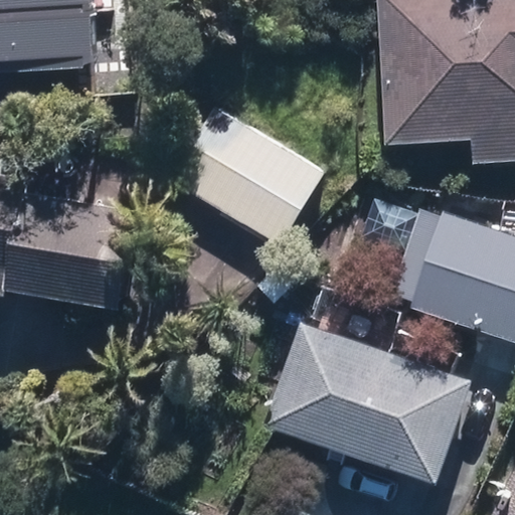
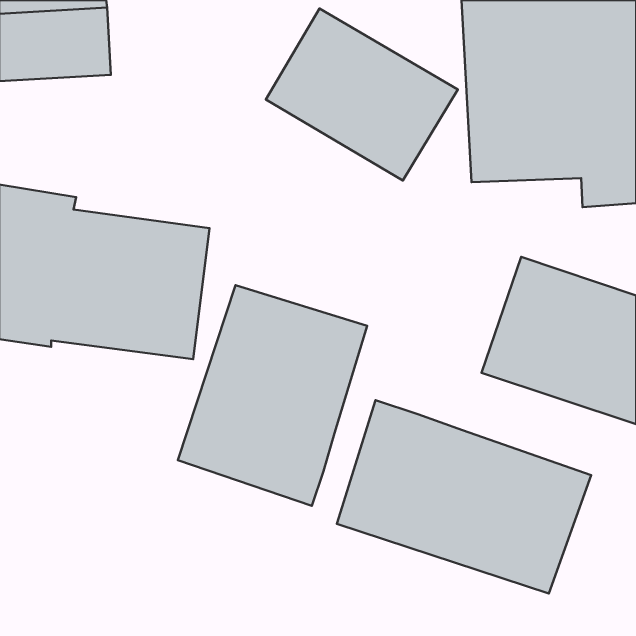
building: [187,105,342,243] -> [266,9,458,181]
building: none -> [178,285,367,506]

